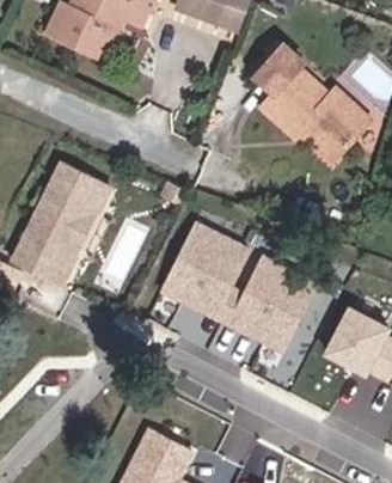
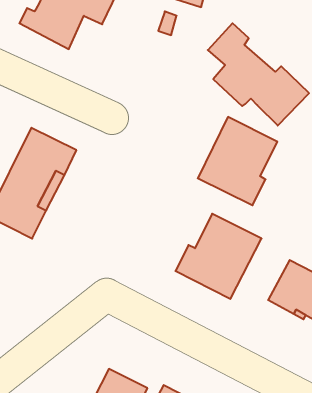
building: [159,221,247,319] -> [198,117,277,205]

